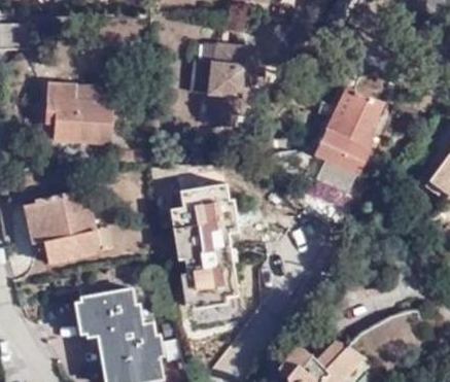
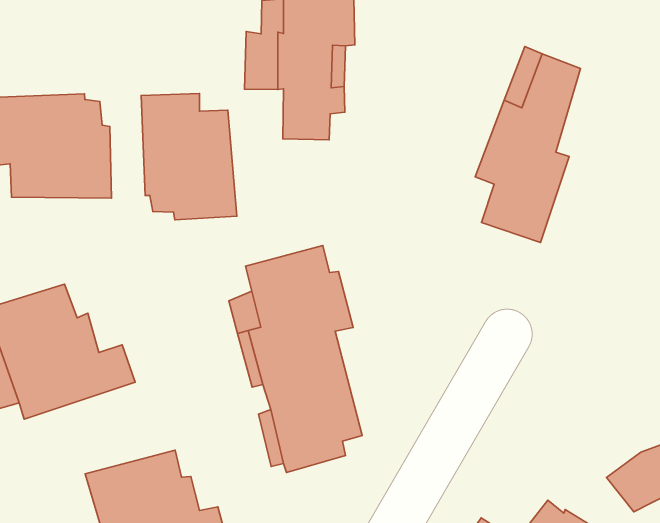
building: none -> [141,93,237,220]

